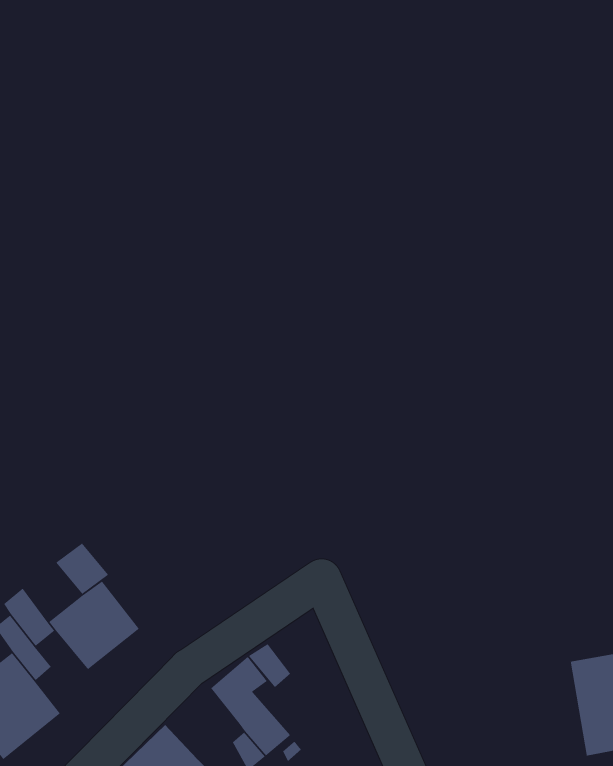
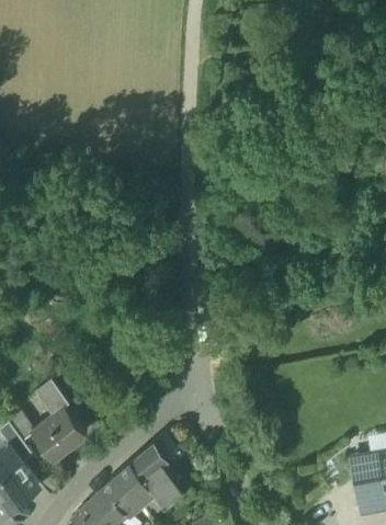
building: none -> [101,472,146,515]

